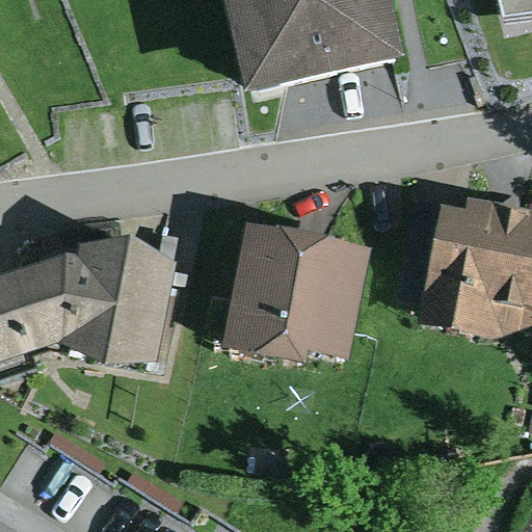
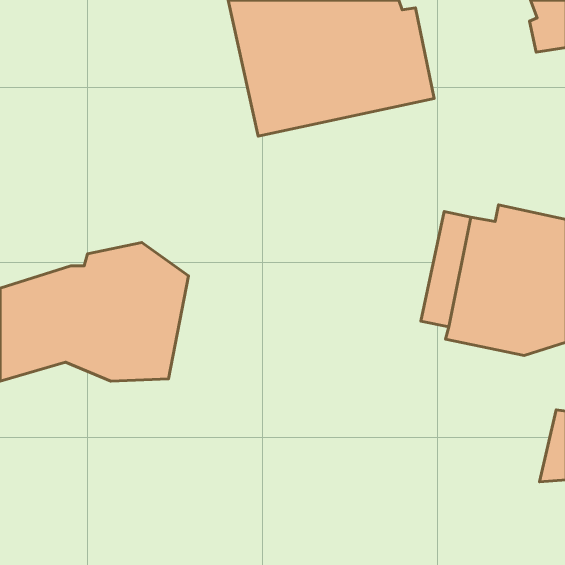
building: [225,221,372,356] -> none

